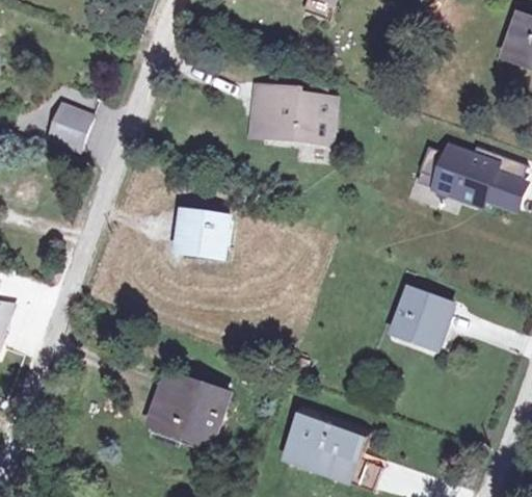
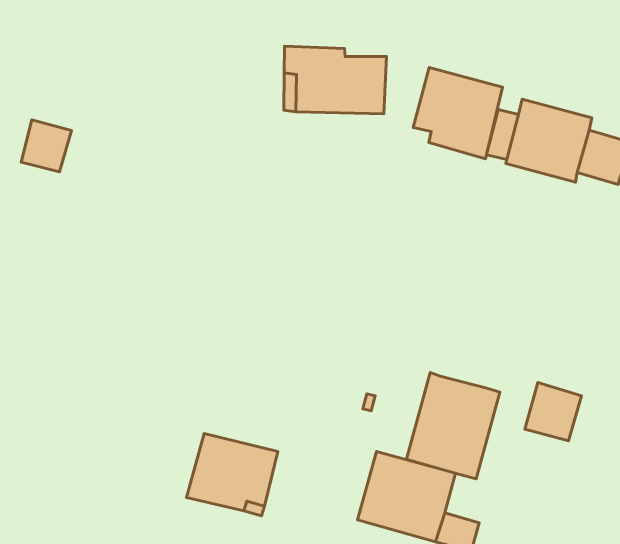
building: none -> [413,68,503,159]
building: [178,215,230,256] -> none
building: [397,292,444,340] -> [525,383,582,441]
building: none -> [406,372,500,479]

